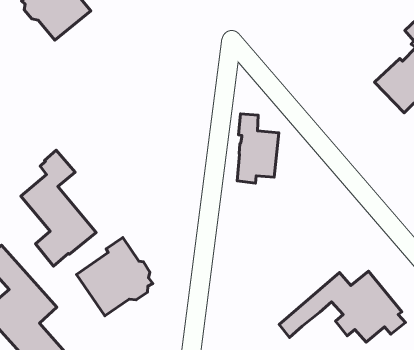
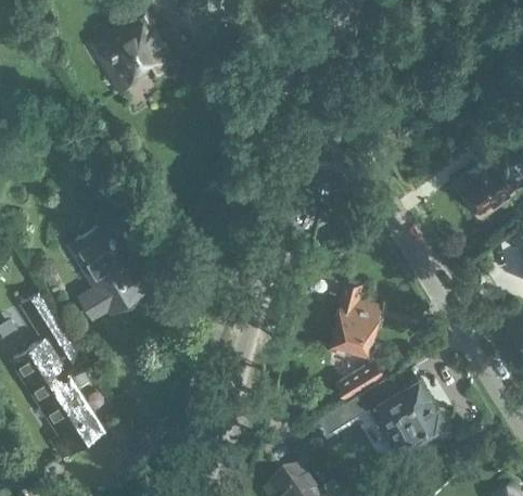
building: [237,114,279,183] -> [329,281,380,356]
building: [76,238,153,316] -> none
building: none -> [334,361,384,400]

